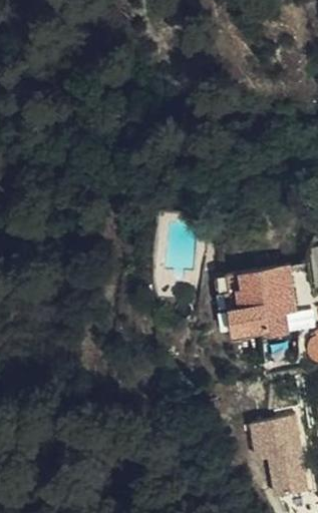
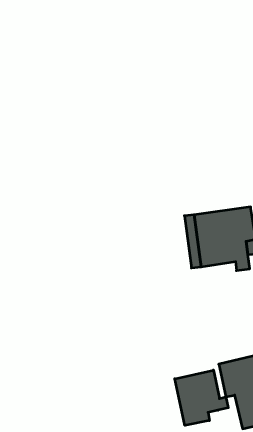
building: none -> [175,370,228,425]

